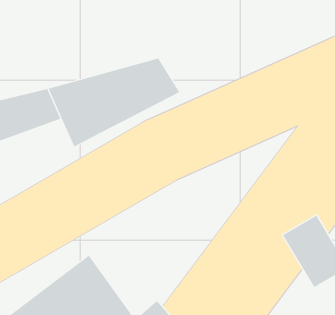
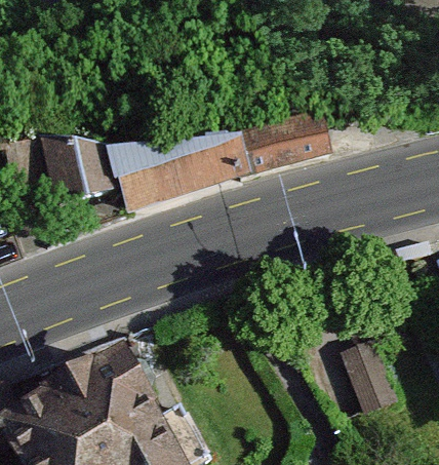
building: none -> [231,122,342,175]

